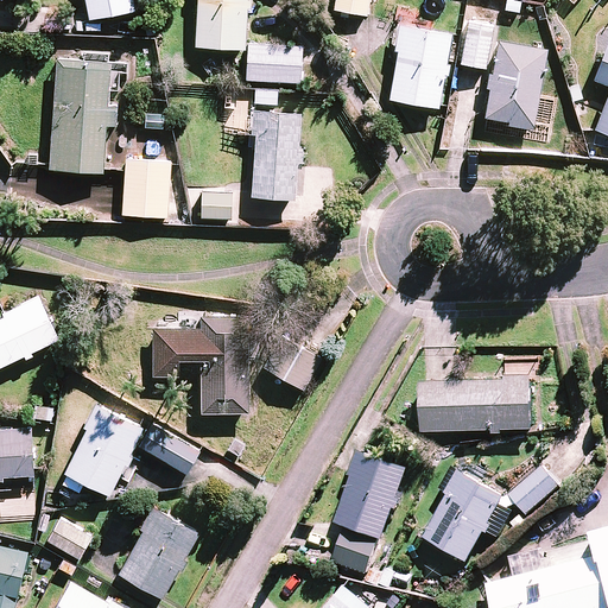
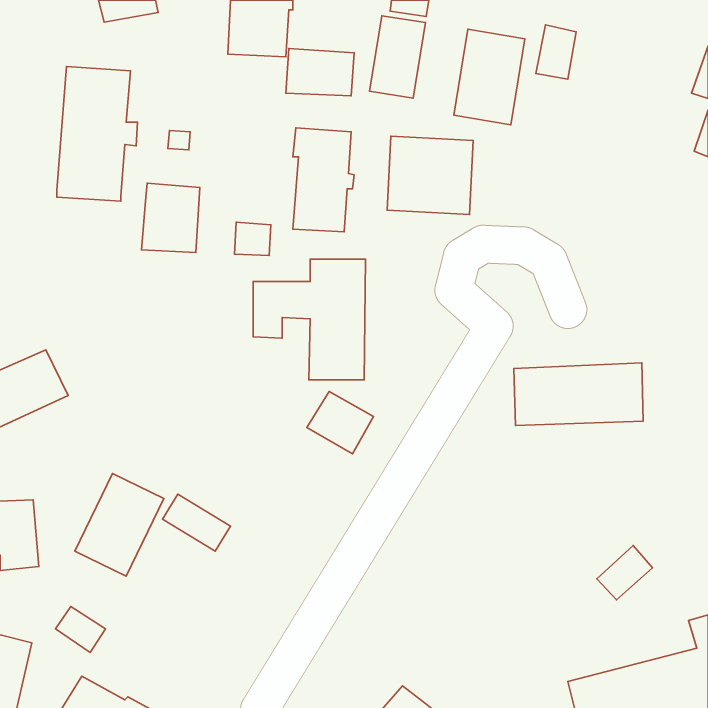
building: none -> [370,16,425,98]
building: [483,43,543,129] -> none
building: none -> [387,136,473,215]
building: [152,310,248,413] -> [253,259,366,380]
building: [422,379,532,432] -> [514,363,643,425]
building: [334,452,406,574] -> none
building: [425,469,506,562] -> none
building: [119,509,197,597] -> none

